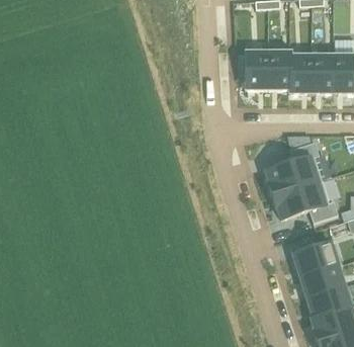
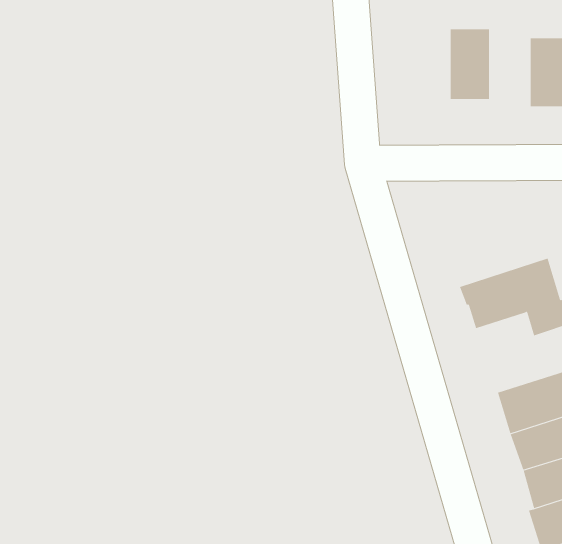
building: [244,50,266,89] -> none
building: [288,55,311,93] -> none
building: [265,139,321,193] -> none

